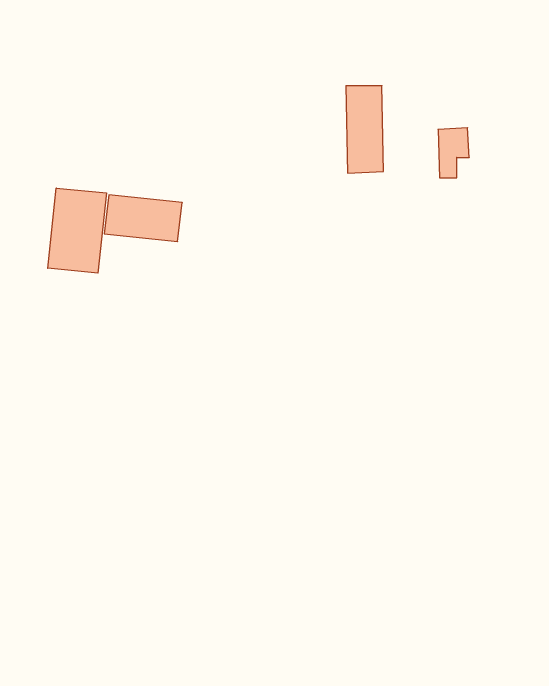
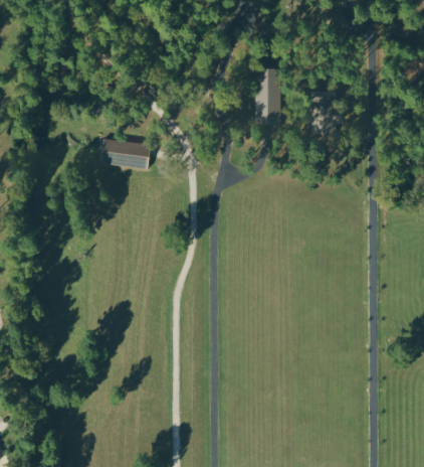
building: [48,188,106,273] -> none

